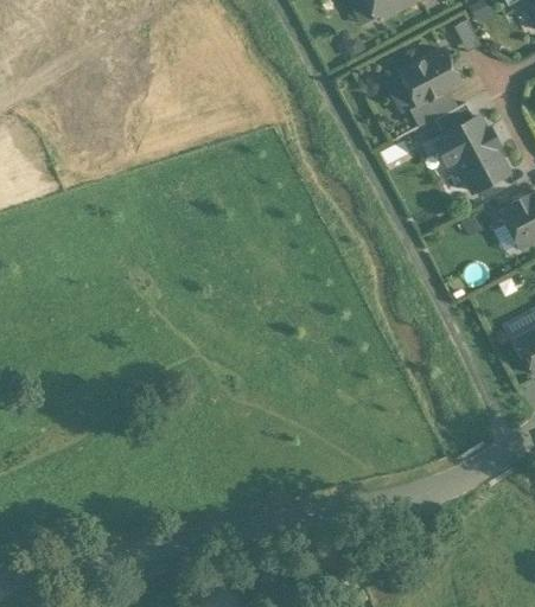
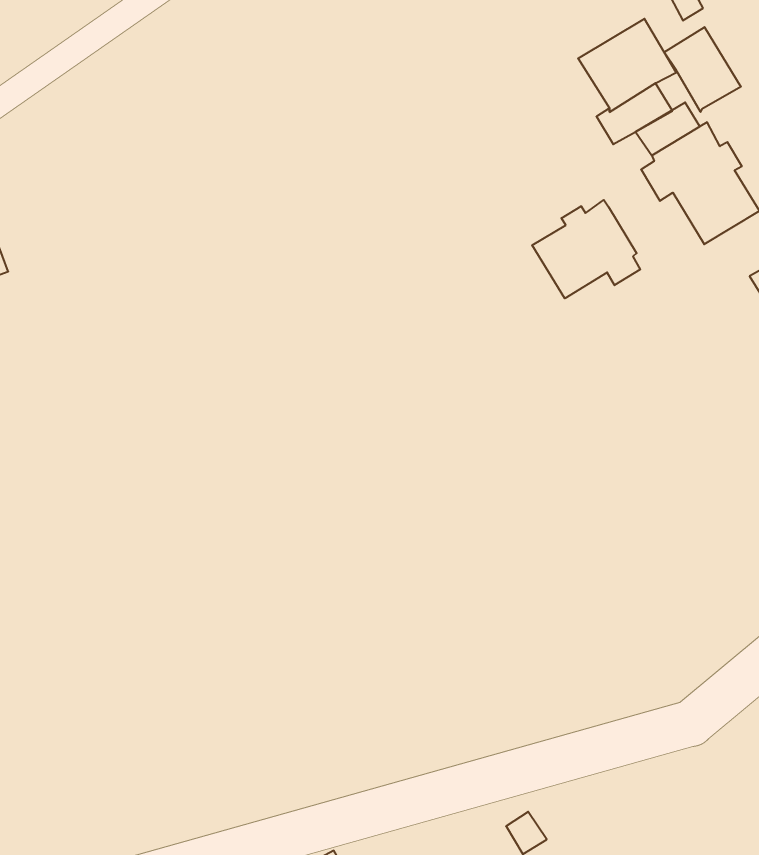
building: none -> [664,27,741,112]
building: none -> [532,200,640,298]

